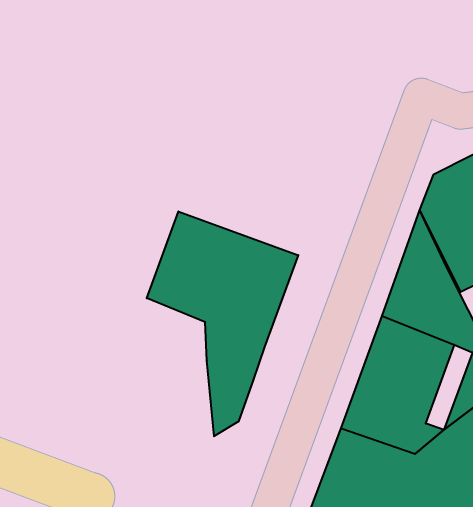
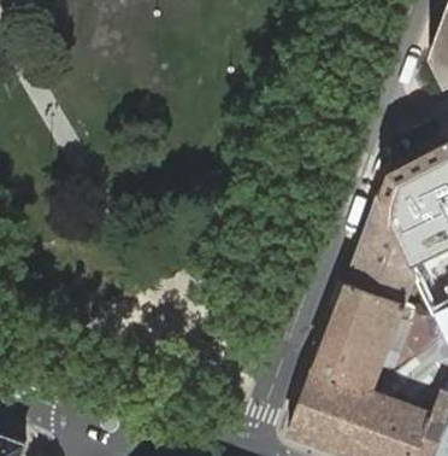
building: [147,211,298,436] -> none

